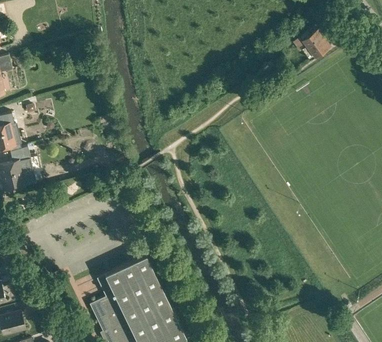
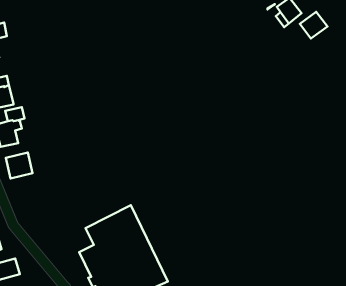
building: none -> [300,12,327,39]
building: none -> [6,152,32,179]

